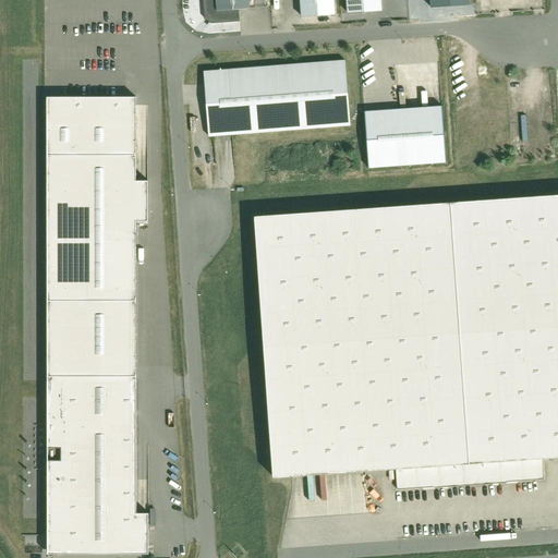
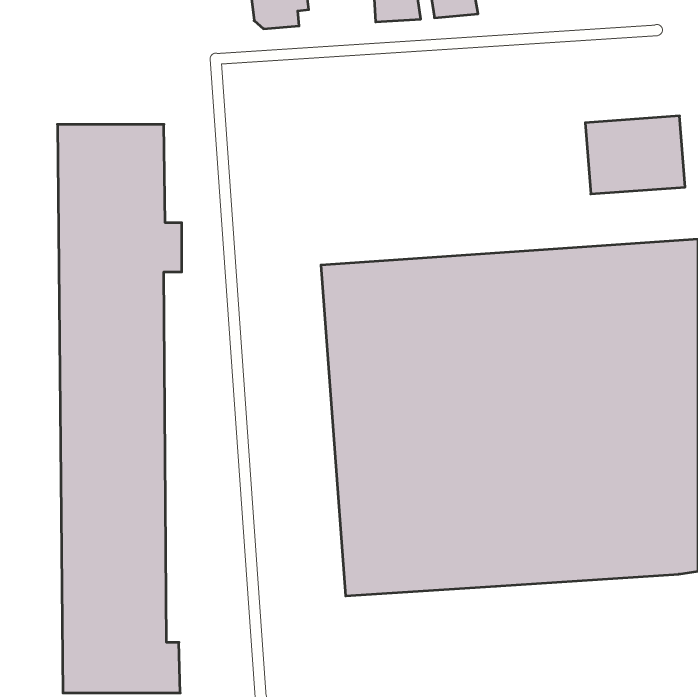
building: [205,59,348,137] -> none
building: [367,111,447,173] -> [585,116,685,194]
building: [396,458,543,487] -> none

